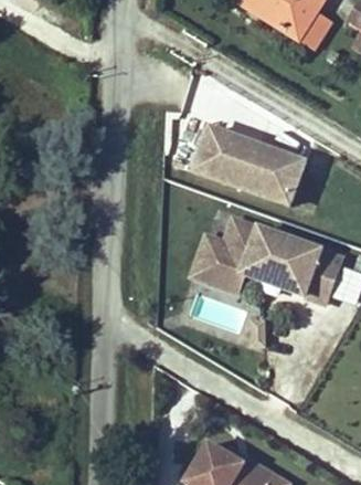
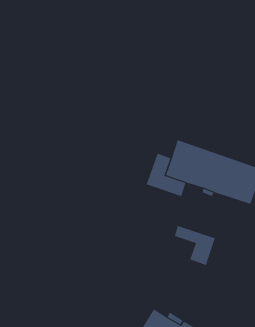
building: [204,133,314,207] -> none
building: none -> [174,225,216,266]

